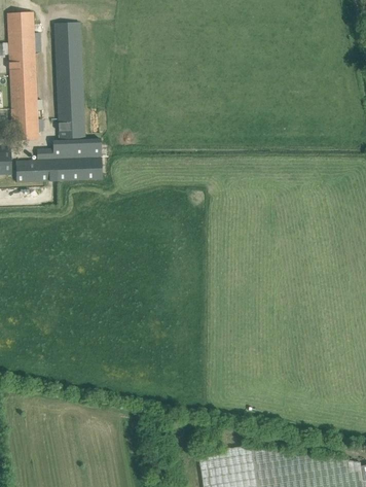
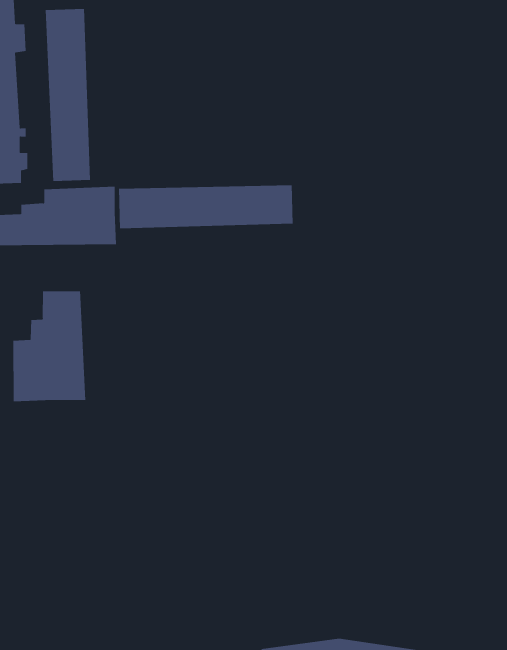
building: none -> [119,185,293,229]
building: none -> [13,291,86,402]

